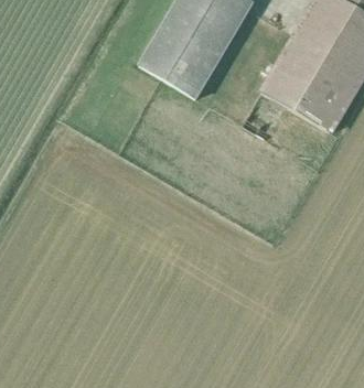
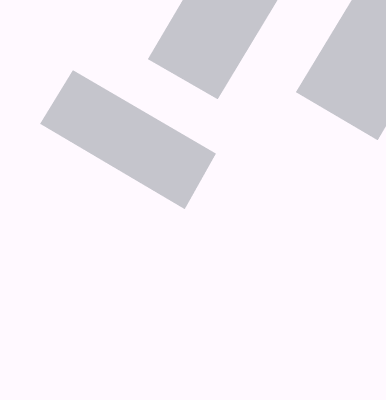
building: none -> [39,69,217,210]

